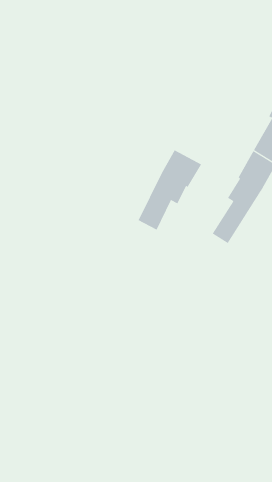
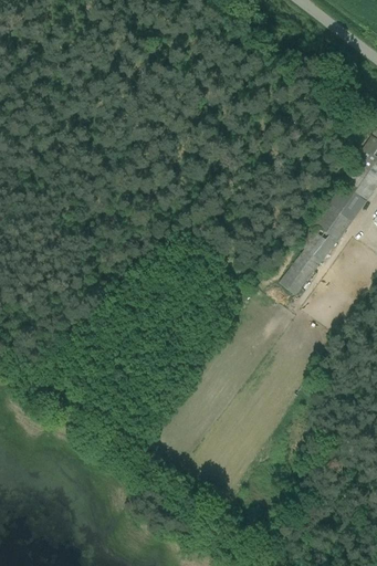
building: [138,150,202,230] -> none

